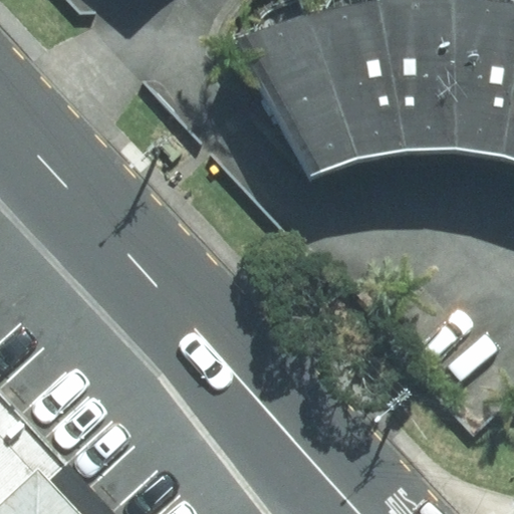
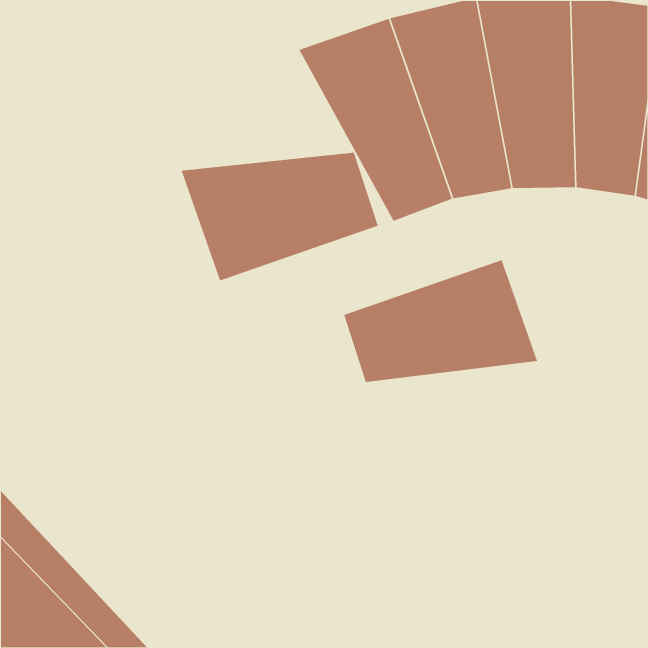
building: none -> [180,152,379,282]
building: none -> [343,259,538,383]

